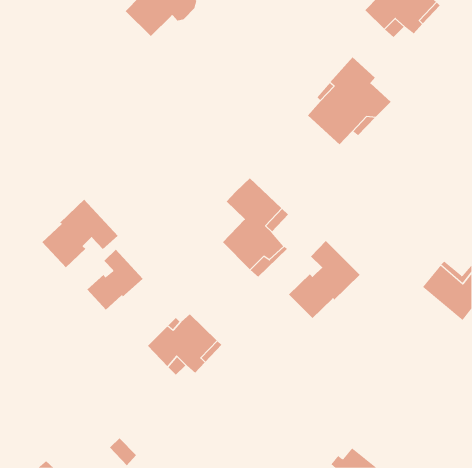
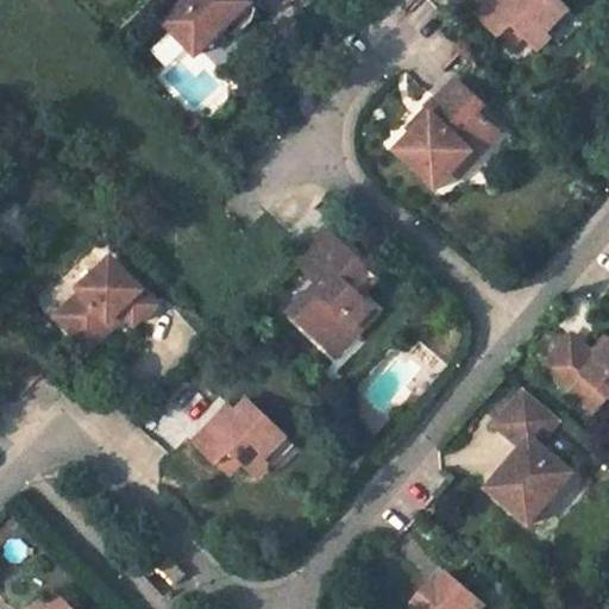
building: [288,240,361,319] -> none
building: [86,249,144,310] -> none
building: none -> [486,388,573,526]

